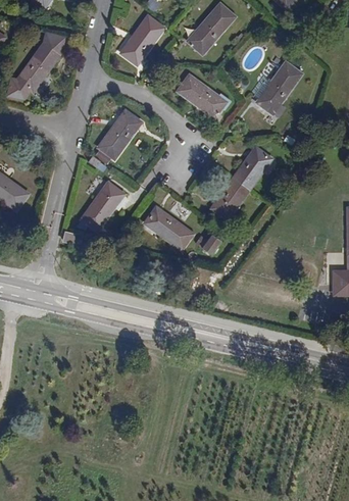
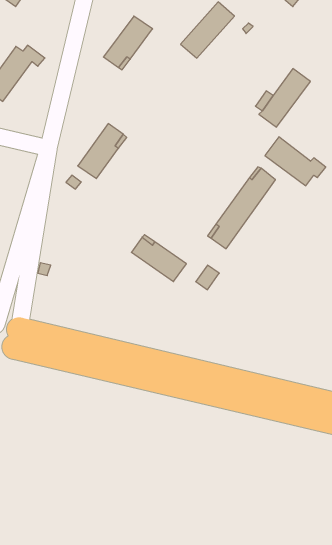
building: [178,74,231,117] -> [265,137,326,186]
building: [81,182,124,229] -> none

